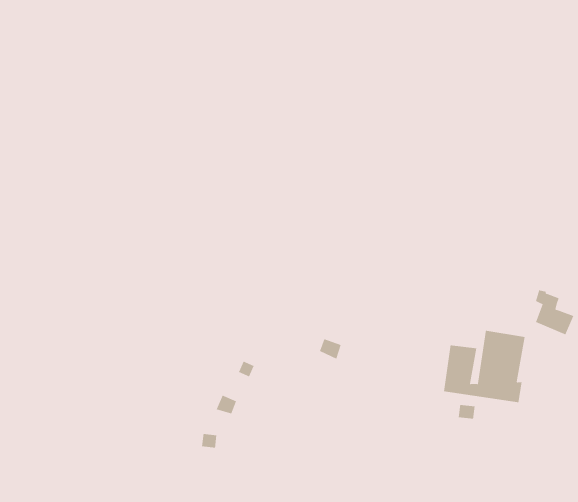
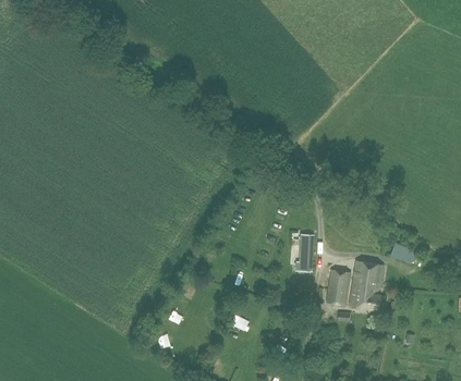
building: none -> [294,234,313,271]

